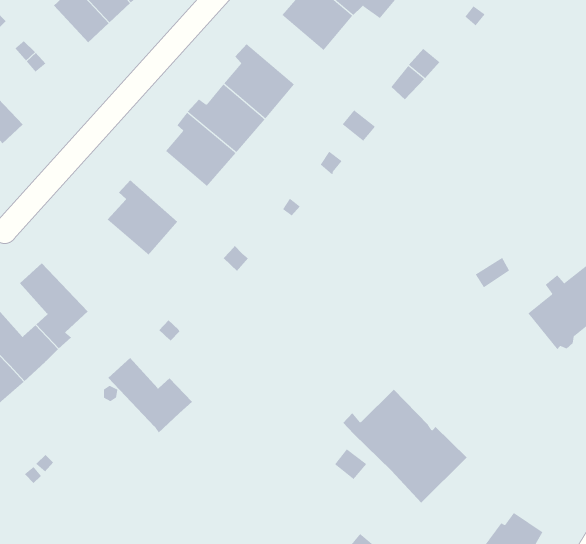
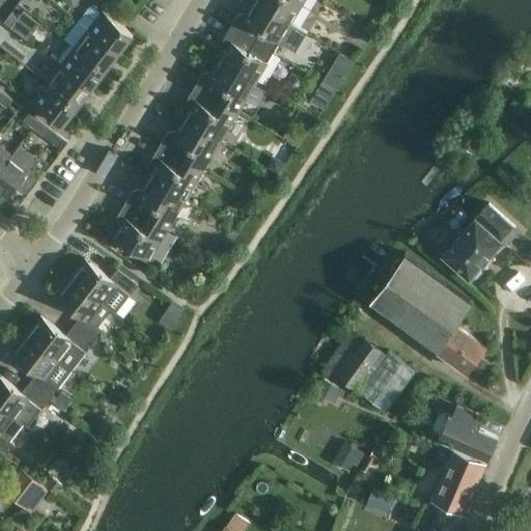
building: none -> [30,85,76,128]
building: none -> [195,63,254,114]
building: none -> [124,180,184,232]
building: none -> [369,255,483,372]
building: [107,357,193,433] -> [68,261,136,315]

